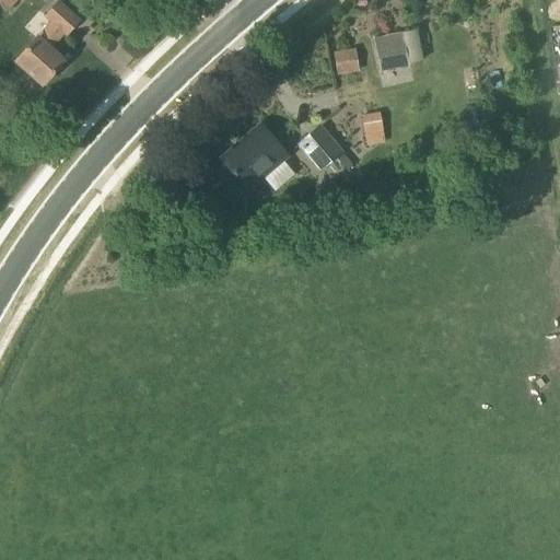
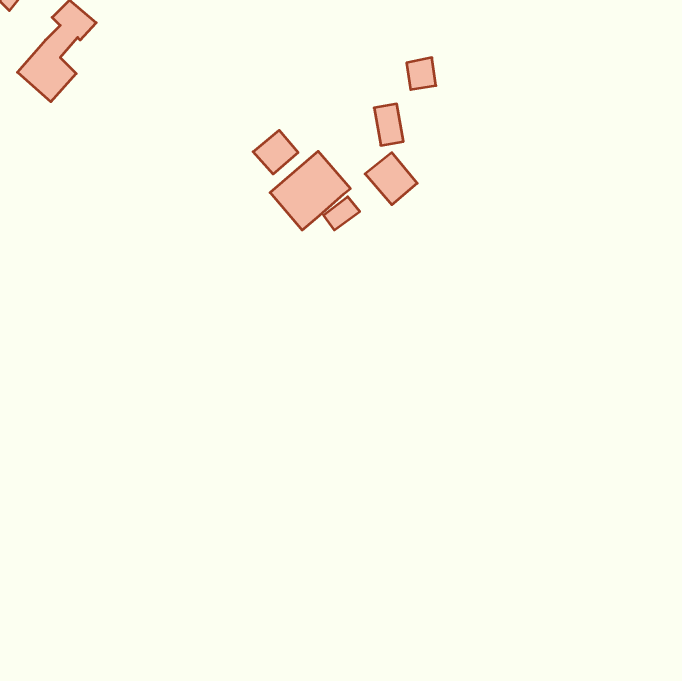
building: [376,32,408,69] -> none
building: none -> [253,130,298,174]
building: [362,110,386,144] -> [374,104,403,145]

